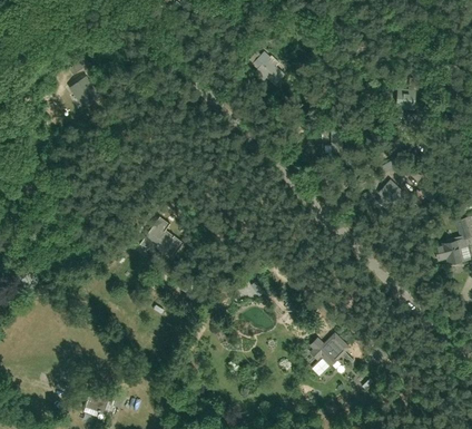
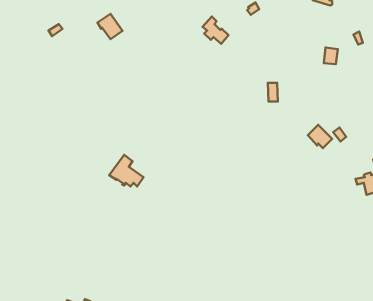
building: [70,78,100,108] -> [97,14,123,39]
building: [309,337,343,367] -> none

